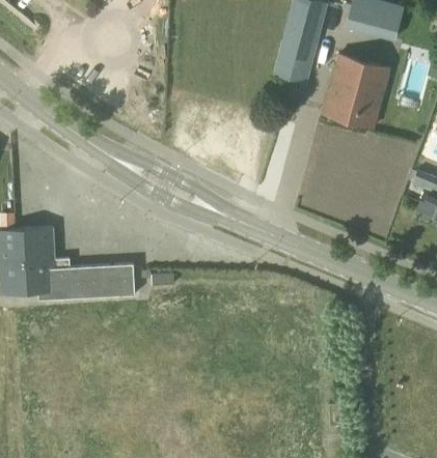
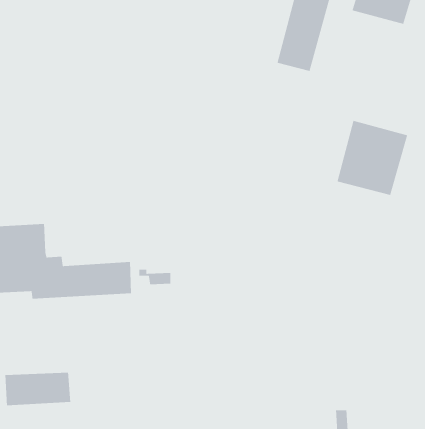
building: [322,55,390,127] -> [336,120,408,196]
building: none -> [5,372,71,406]

